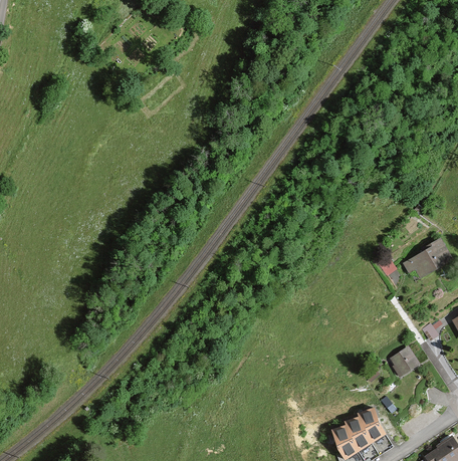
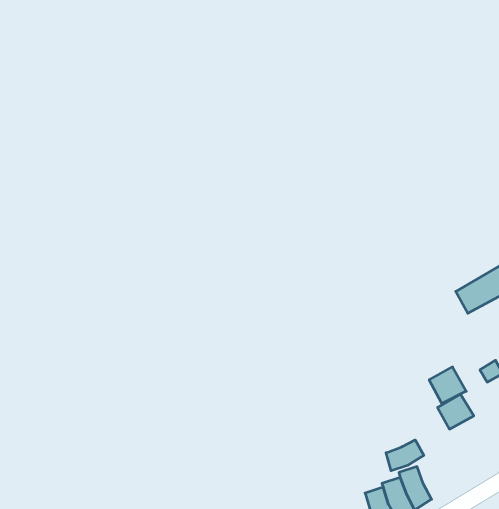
building: none -> [429,367,466,404]
building: none -> [386,440,424,471]

